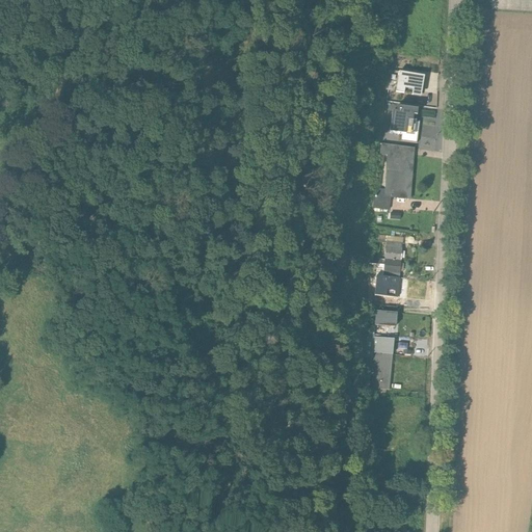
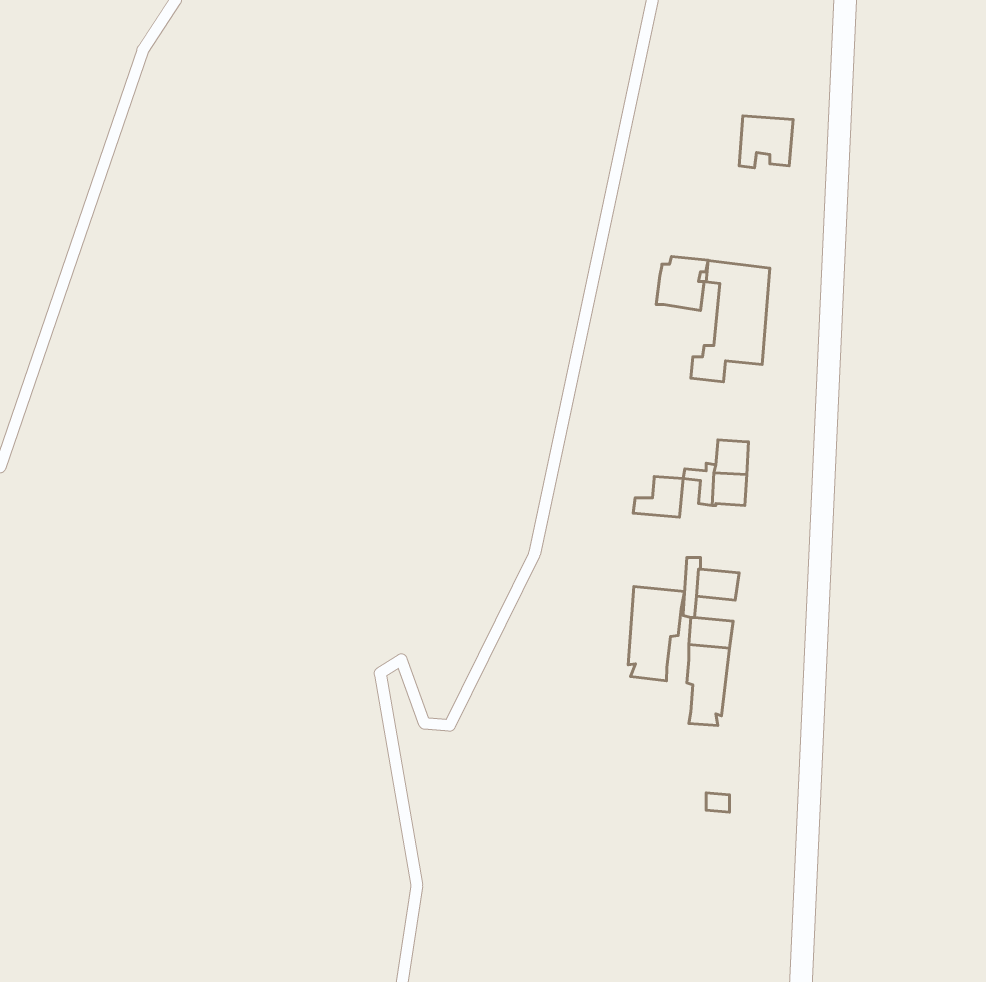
building: [390,106,418,135] -> [656,256,708,310]
building: [374,273,401,295] -> [633,477,683,517]
building: none -> [628,587,685,681]

